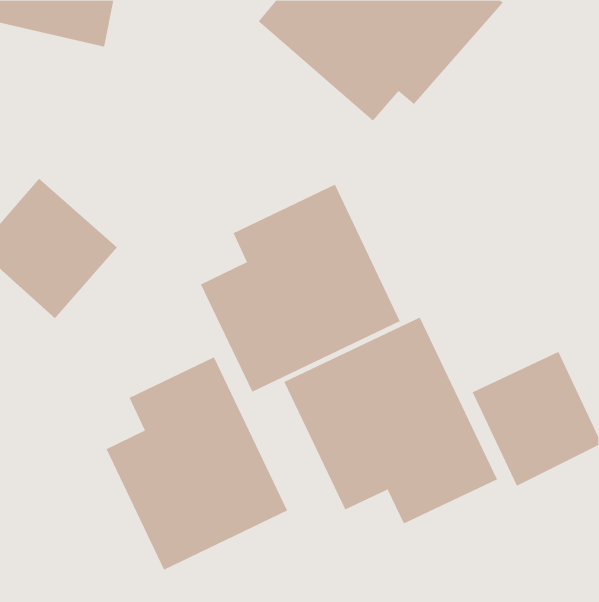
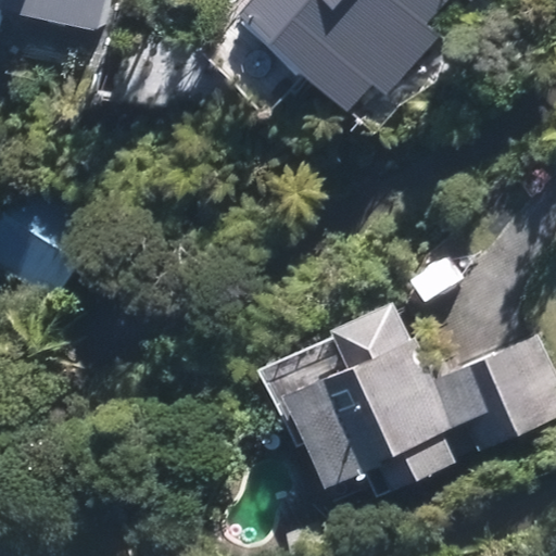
building: [200,184,400,393] -> none
building: [106,357,288,571] -> none

